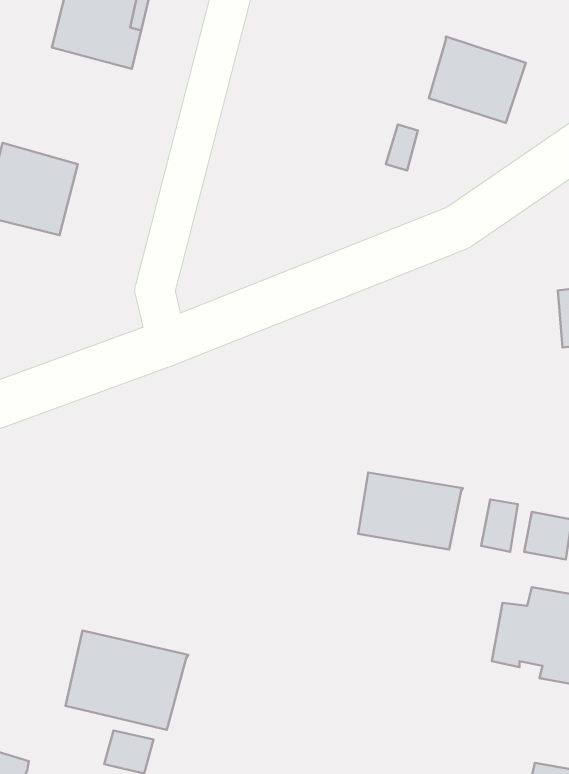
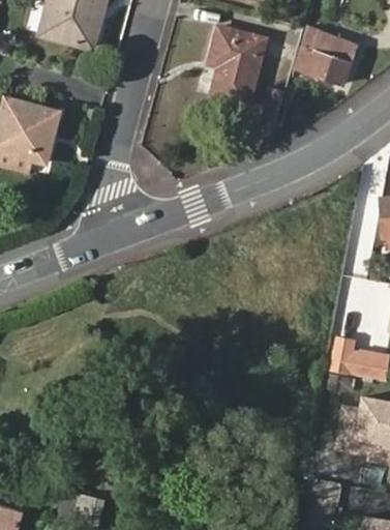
building: none -> [208,28,265,105]
building: [358,472,463,550] -> none
building: [66,630,188,730] -> none

